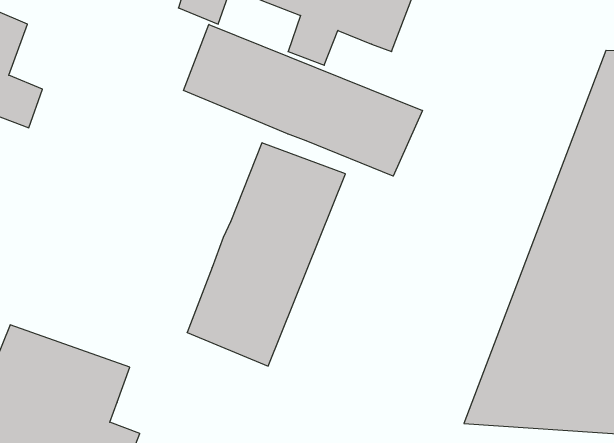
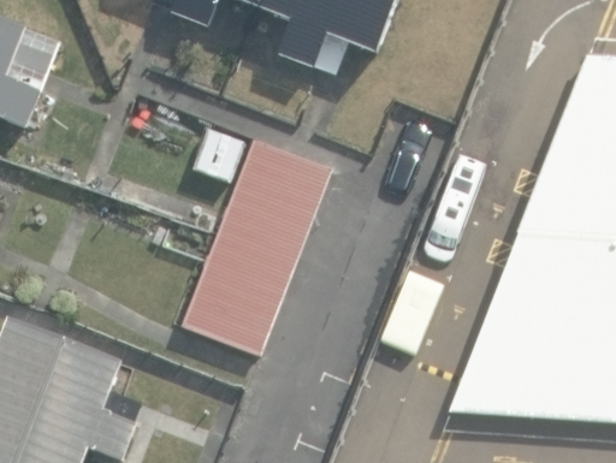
building: [183,24,422,176] -> none

